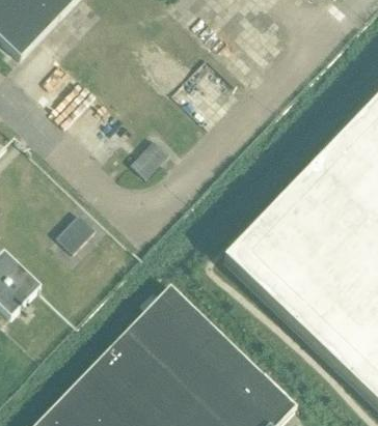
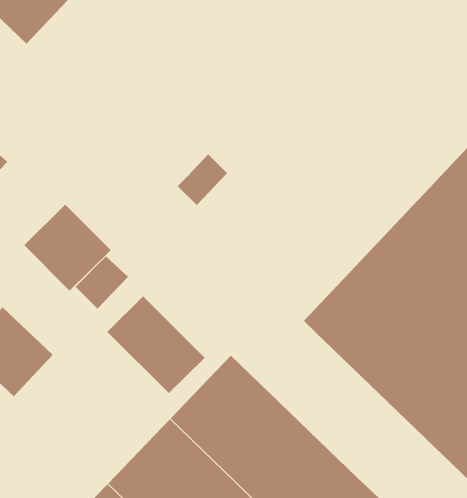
building: none -> [23,204,111,291]
building: none -> [106,295,206,394]

